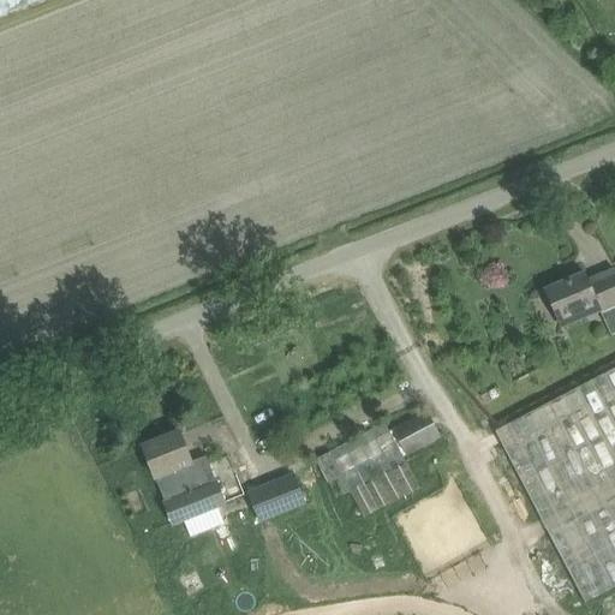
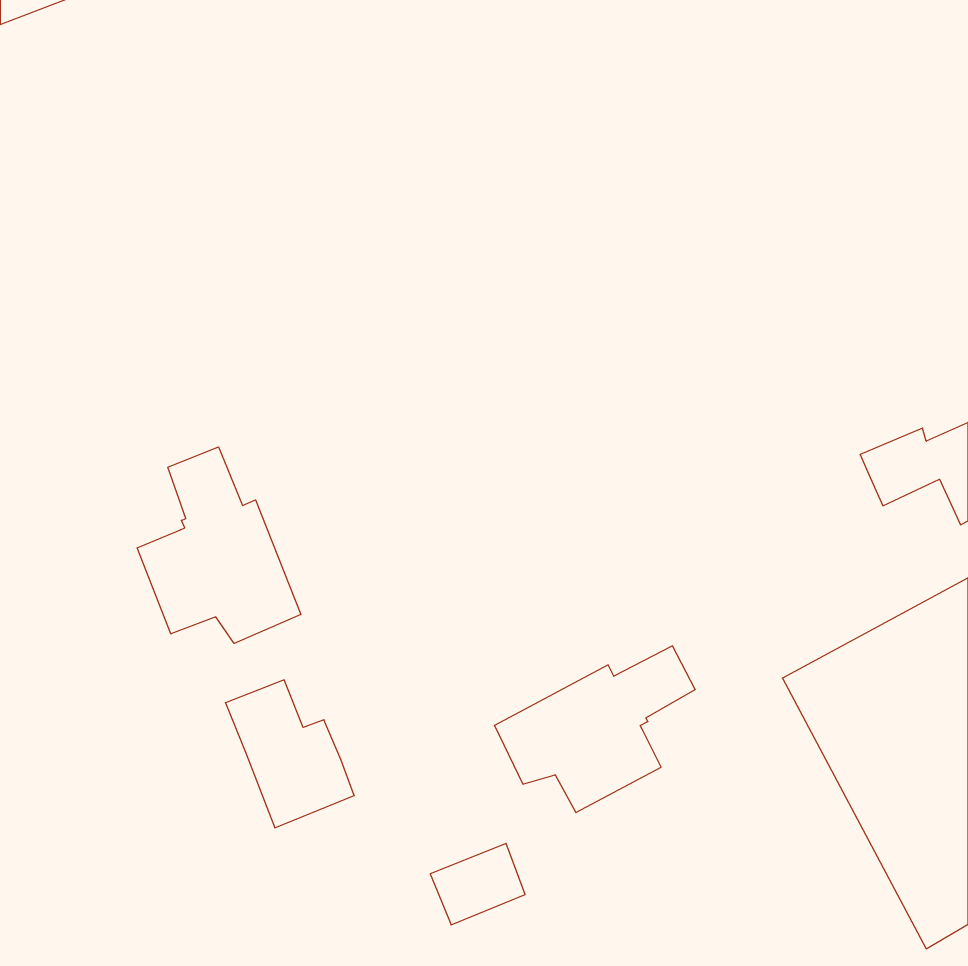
building: none -> [137,447,301,643]
building: [246,471,306,523] -> [430,843,525,925]

